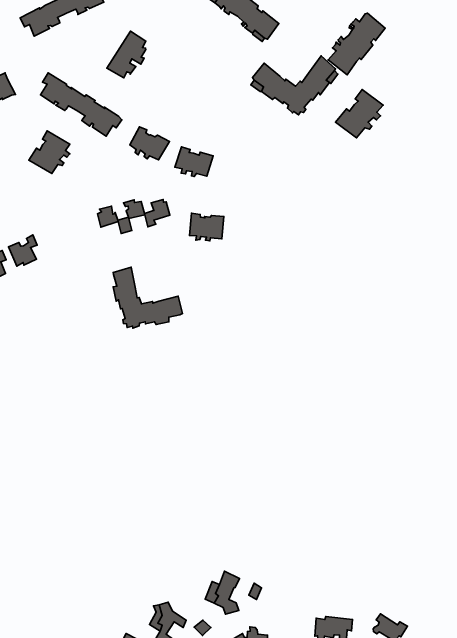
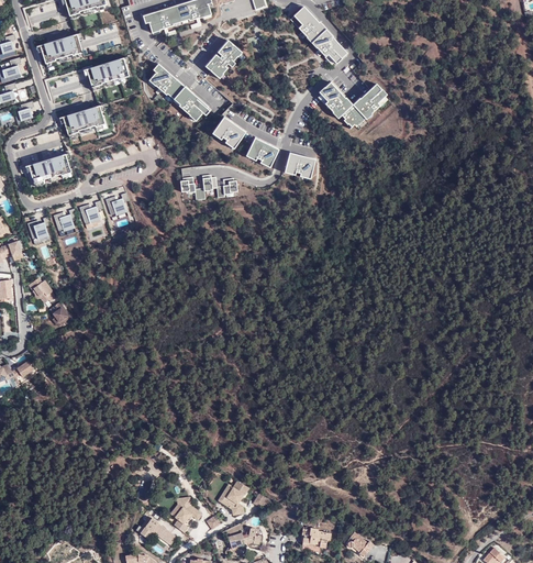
building: [328,13,385,75] -> none
building: [336,89,383,138] -> none
building: [29,131,70,173] -> none
building: [189,213,224,241] -> [285,153,314,177]
building: [113,267,182,328] -> none

